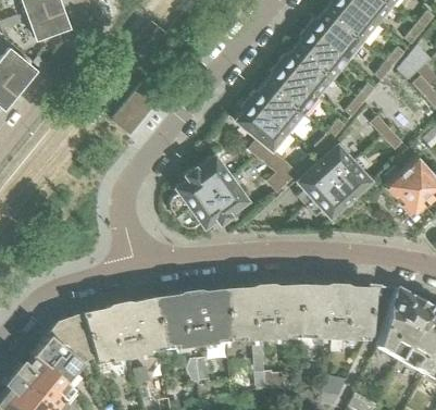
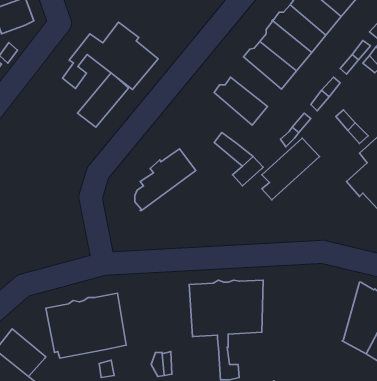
building: none -> [62,22,158,90]
building: [266,61,317,111] -> none
building: [236,97,288,148] -> none
building: [308,161,372,215] -> none
building: [177,175,249,226] -> none
building: [298,284,384,340] -> none
building: [153,289,228,350] -> none
building: [48,313,90,362] -> none

